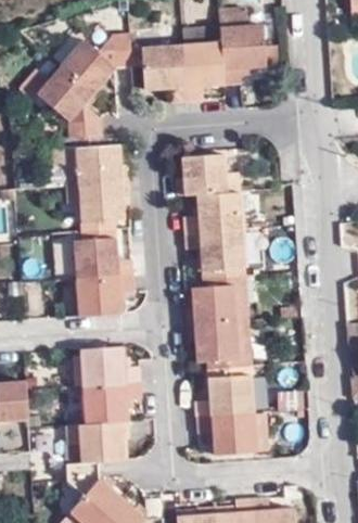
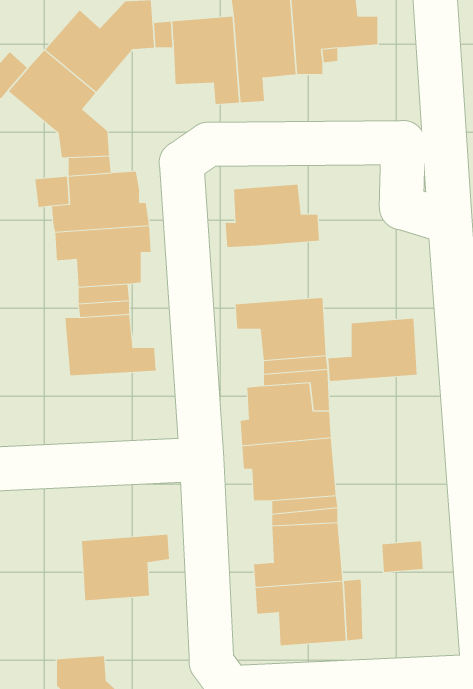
building: [182,191,241,232] -> [327,318,418,382]
building: [76,276,135,317] -> none
building: [80,346,140,386] -> none
building: [67,422,130,462] -> none

